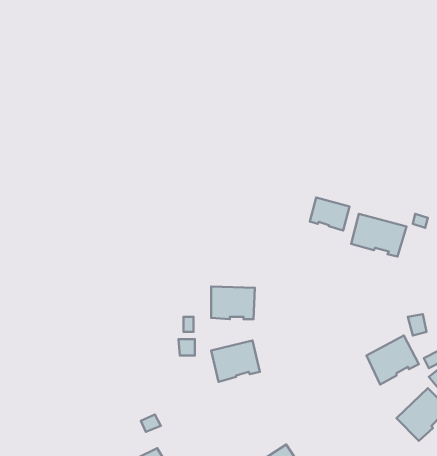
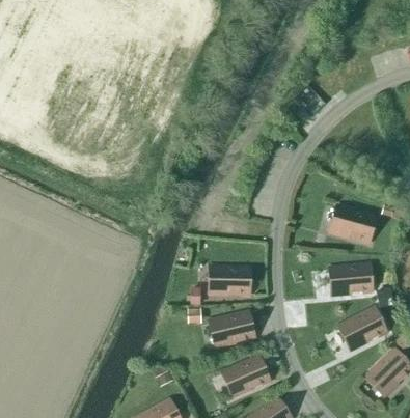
building: [310,198,349,230] -> none
building: none -> [332,264,370,294]
building: none -> [224,356,267,394]

